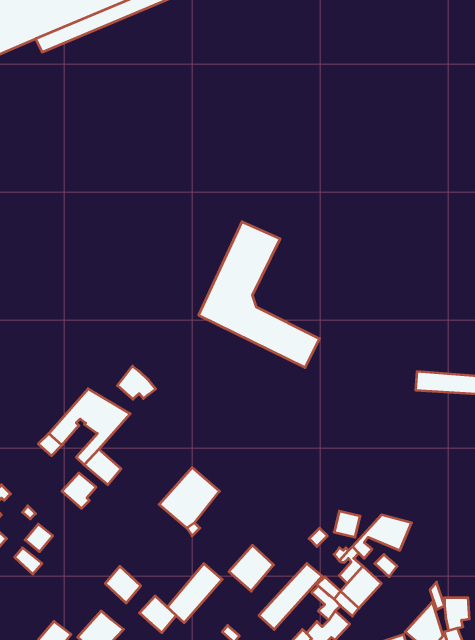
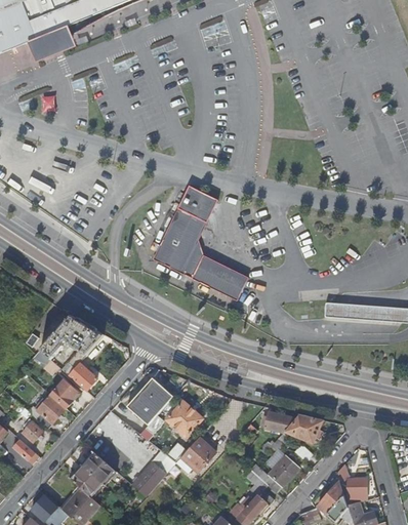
building: [117,366,156,399] -> none
building: none -> [36,395,65,428]
building: none -> [166,401,202,436]
building: [259,563,322,630] -> none
building: [139,596,176,633] -> [71,467,99,495]

